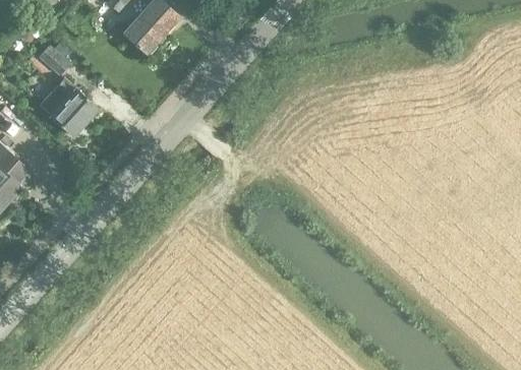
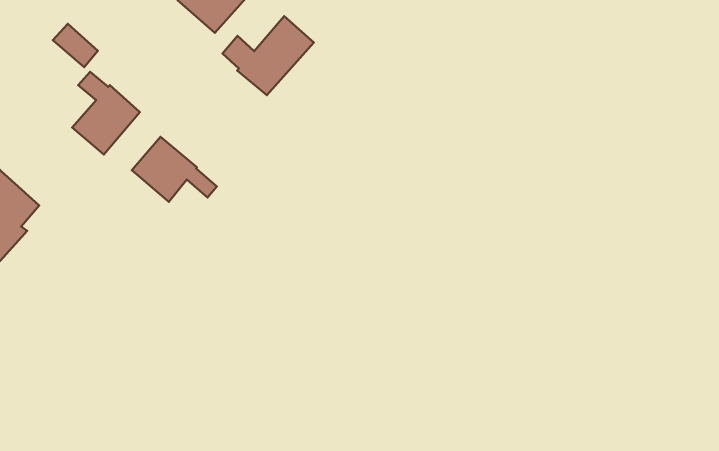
building: none -> [223,16,314,95]
building: none -> [132,137,217,202]

